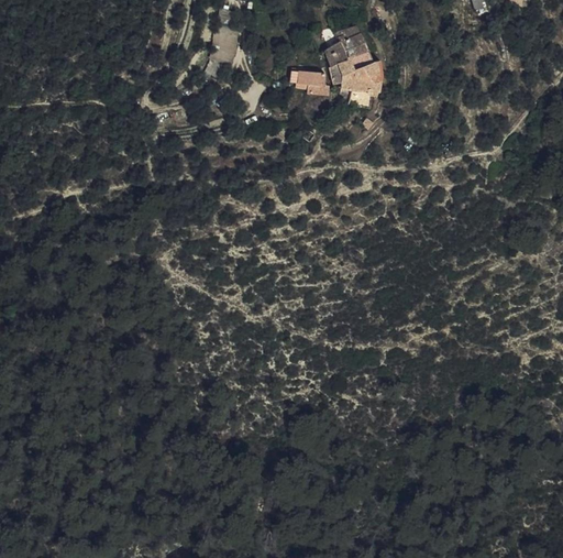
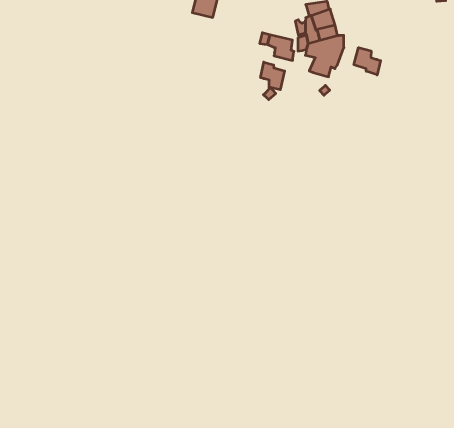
building: none -> [354,48,381,75]
building: none -> [261,62,285,90]

